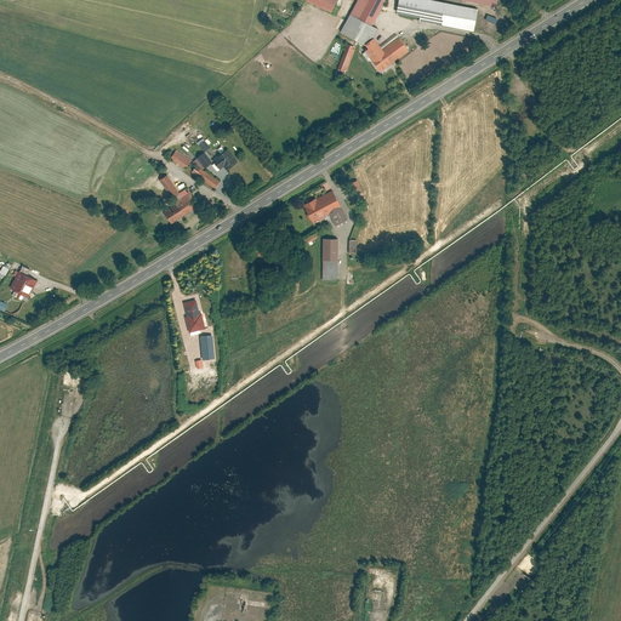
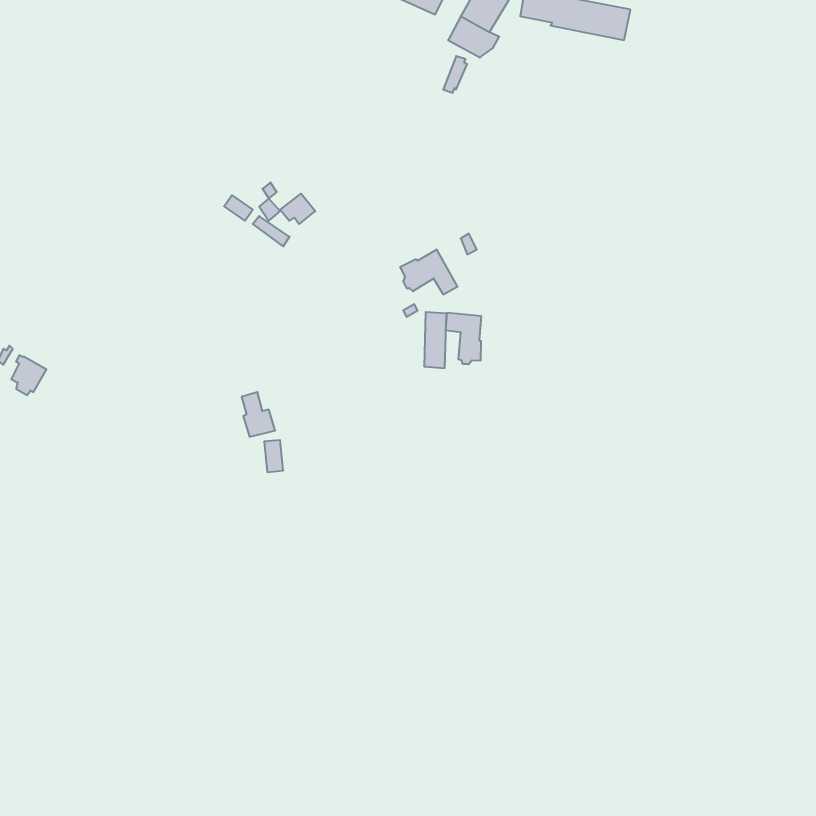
building: [365,35,409,72] -> none
building: [158,172,198,221] -> none
building: none -> [446,313,481,364]

